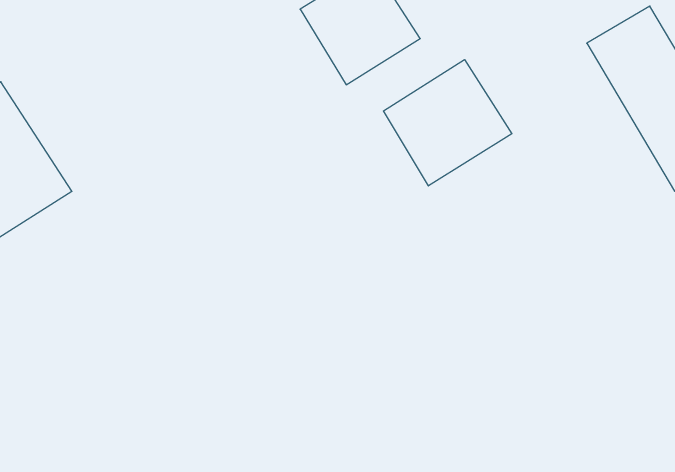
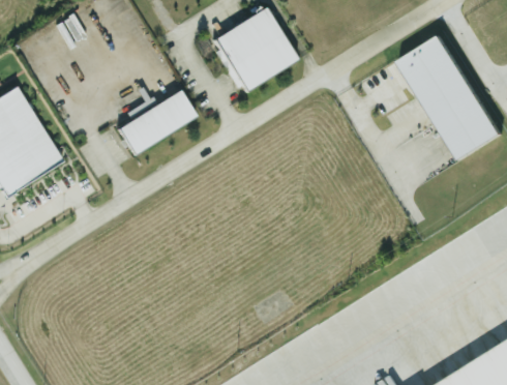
building: [383,60,512,186] -> none
building: none -> [117,92,193,155]

